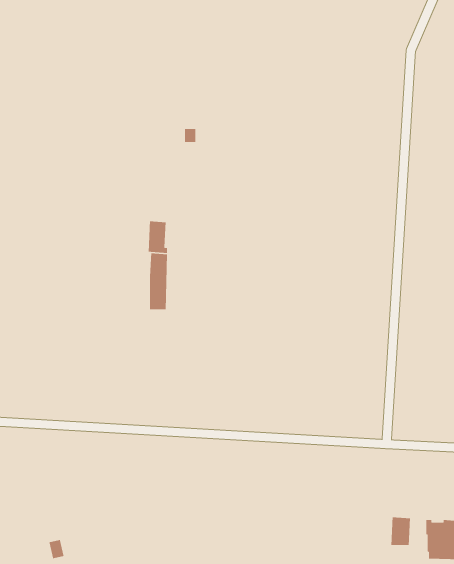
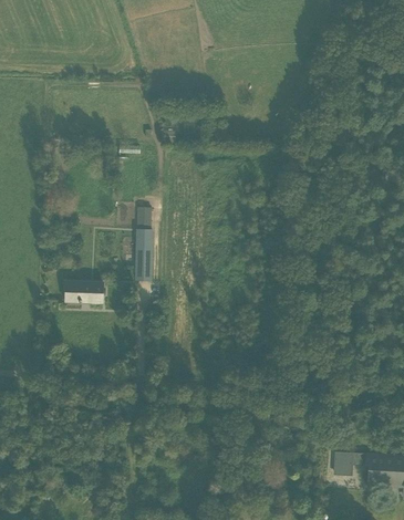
building: none -> [64,280,102,304]

